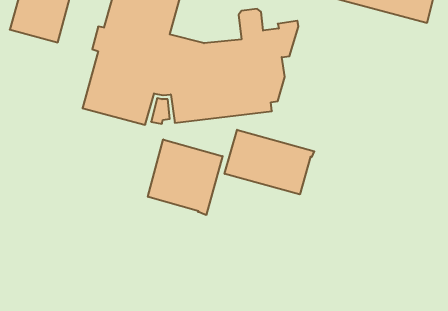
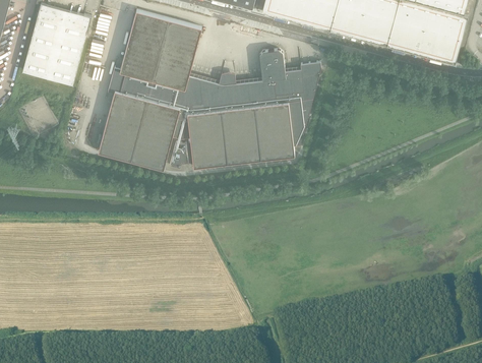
building: [225,130,314,194] -> none
building: [148,139,223,215] -> none

